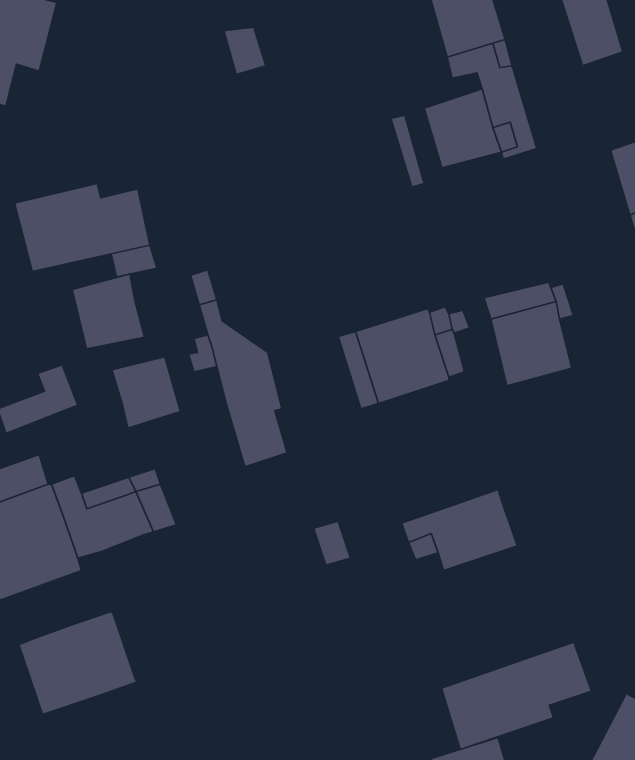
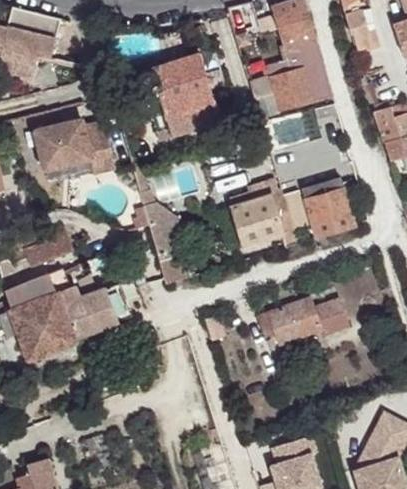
building: none -> [135,53,225,138]
building: [72,274,144,349] -> none
building: [112,357,180,428] -> none
building: none -> [314,296,351,333]
building: [19,612,138,715] -> none
building: [442,642,591,749] -> none

